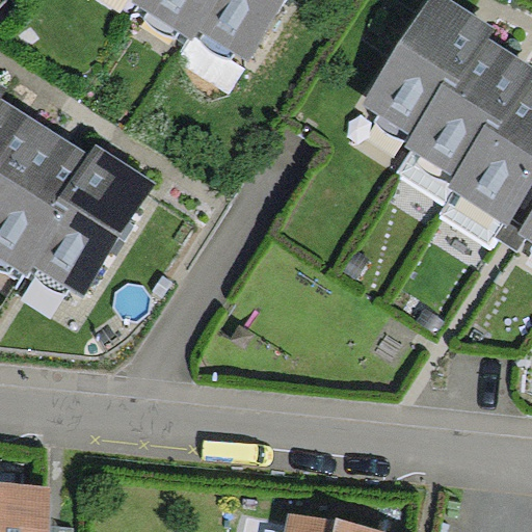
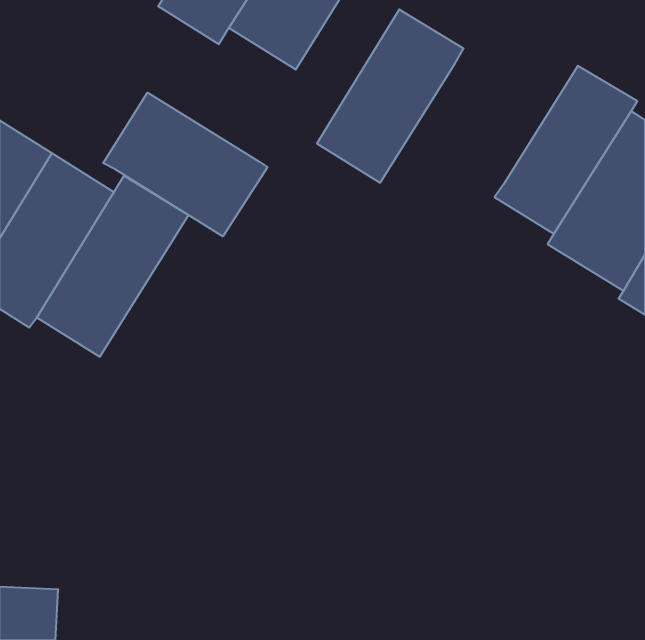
building: [362,9,482,152] -> [317,9,464,183]
building: none -> [103,93,267,236]

